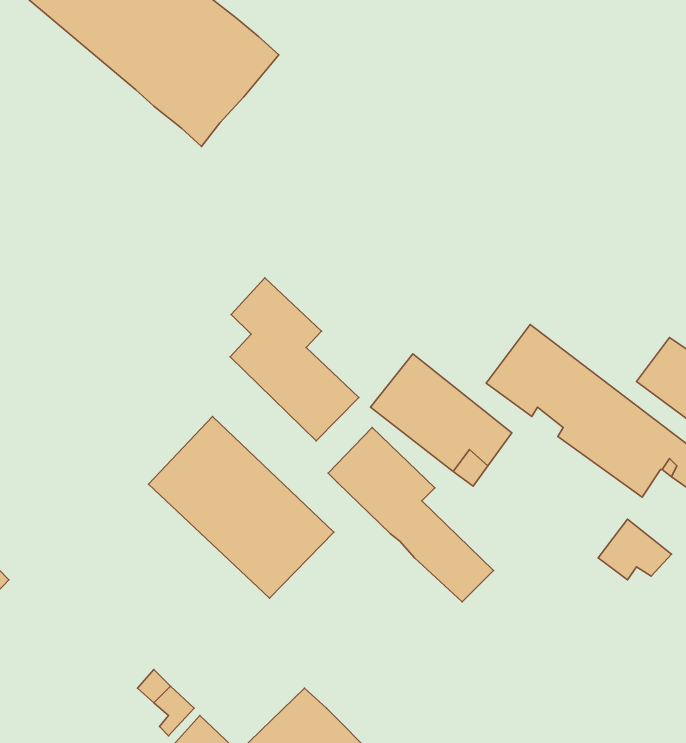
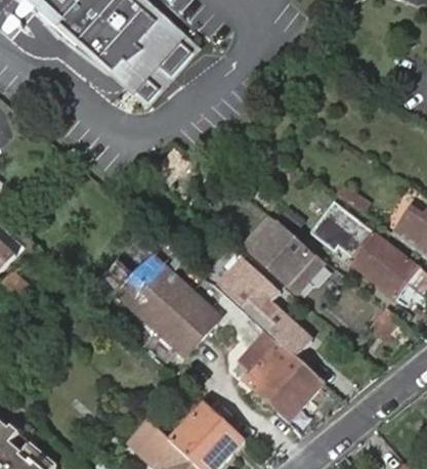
building: [230,278,359,441] -> none
building: none -> [242,332,325,421]

